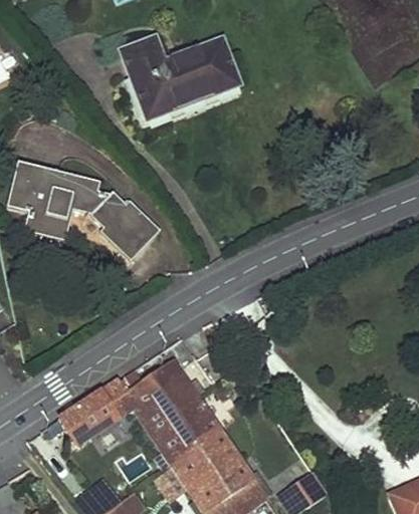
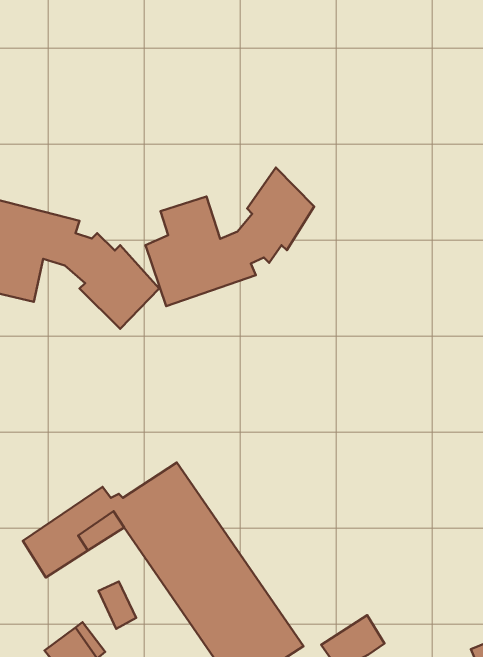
building: [123,38,239,117] -> none
building: none -> [146,168,314,306]

